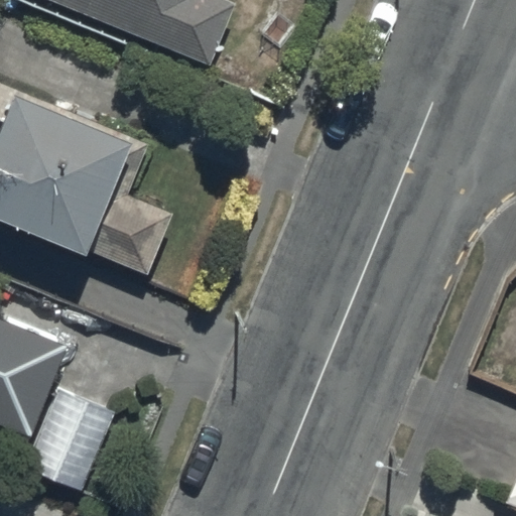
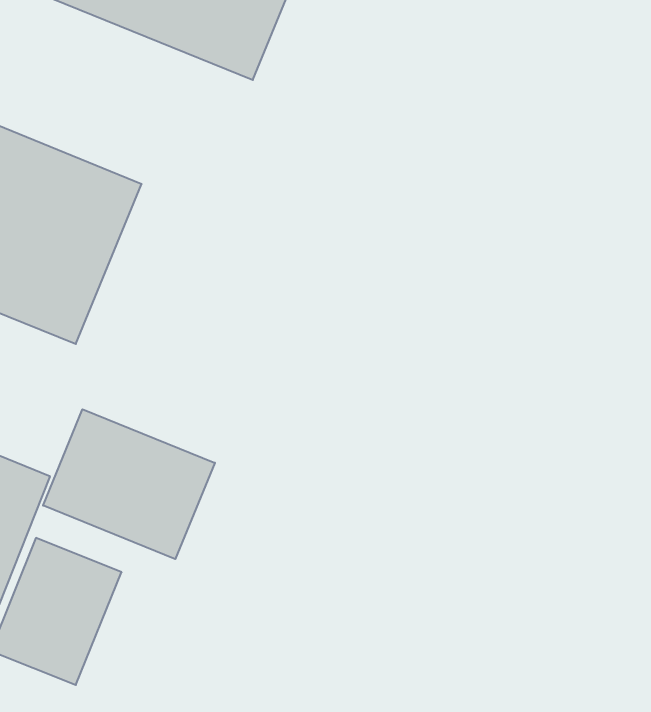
building: none -> [43,409,215,559]

